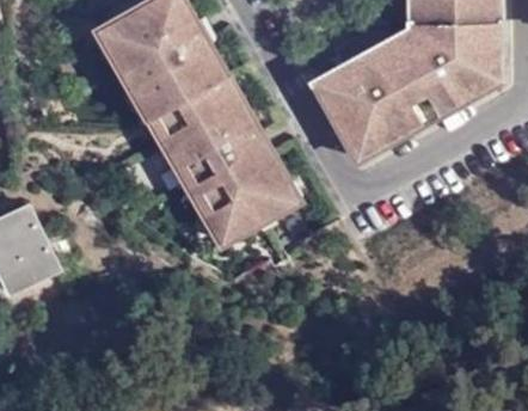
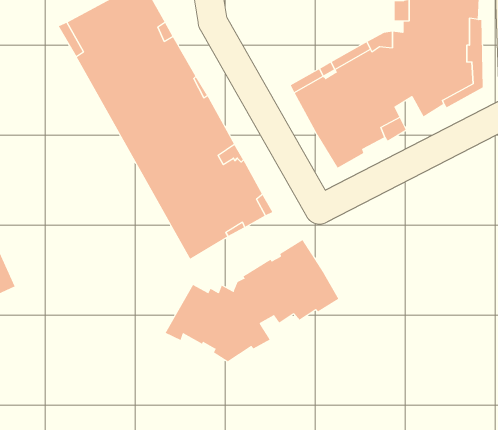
building: none -> [165,239,339,362]

